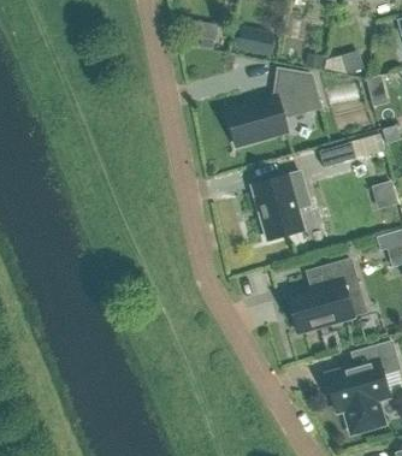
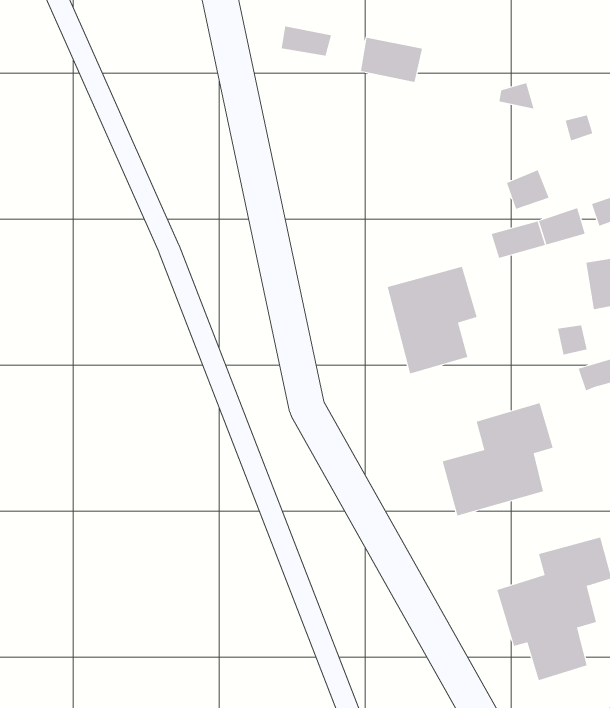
building: [226,69,321,144] -> none

